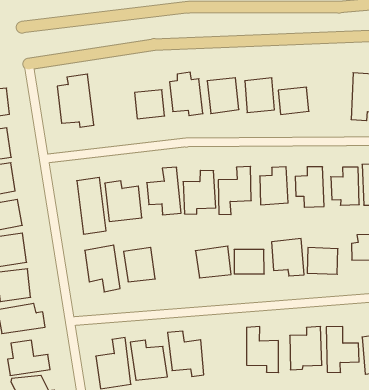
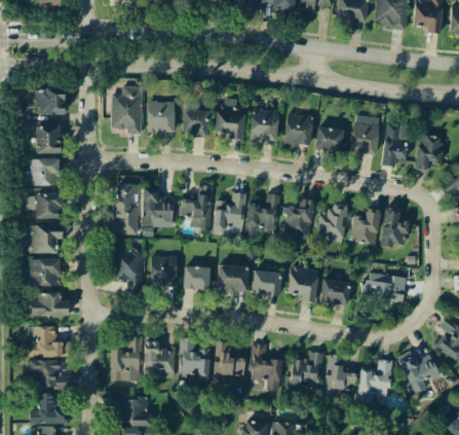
building: none -> [350,115,380,155]
building: none -> [147,101,175,133]
building: none -> [184,266,209,289]
building: none -> [215,341,245,384]

